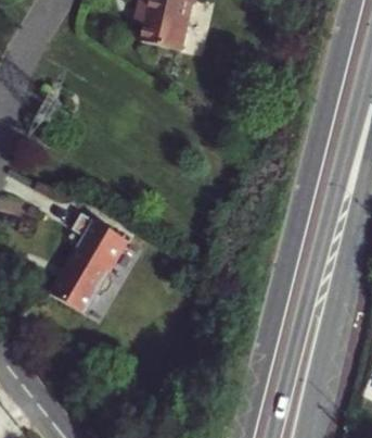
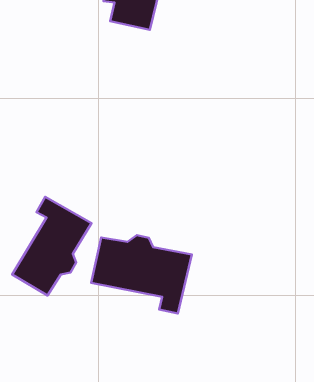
building: none -> [91,235,192,314]

